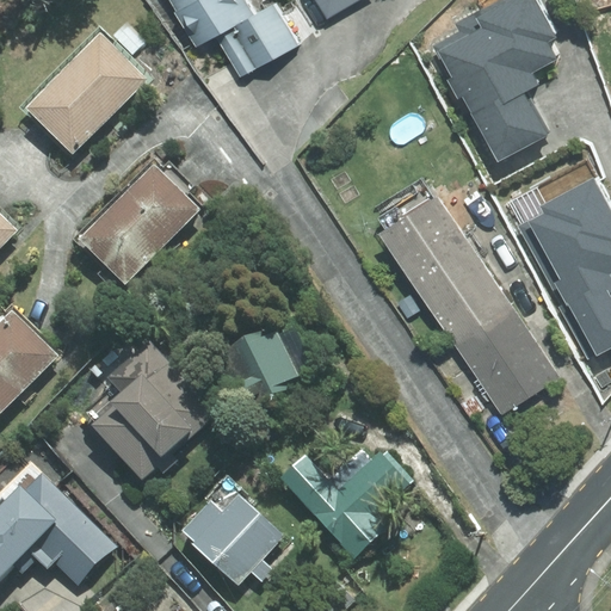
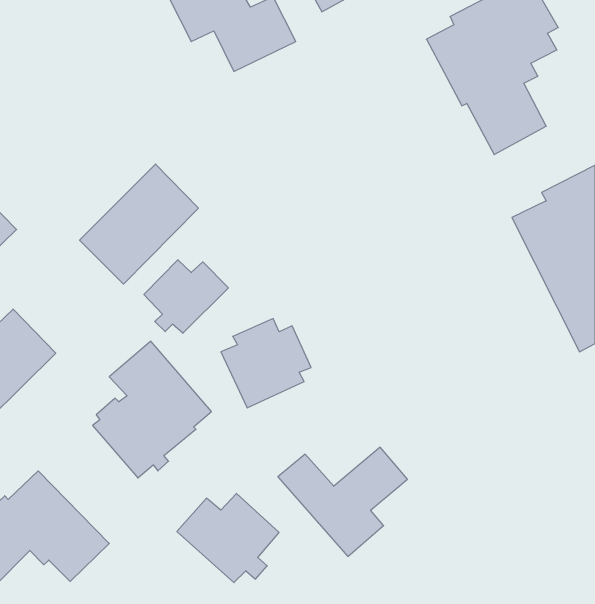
building: [27,33,147,153] -> none
building: [383,187,556,409] -> none
building: none -> [144,260,228,333]

